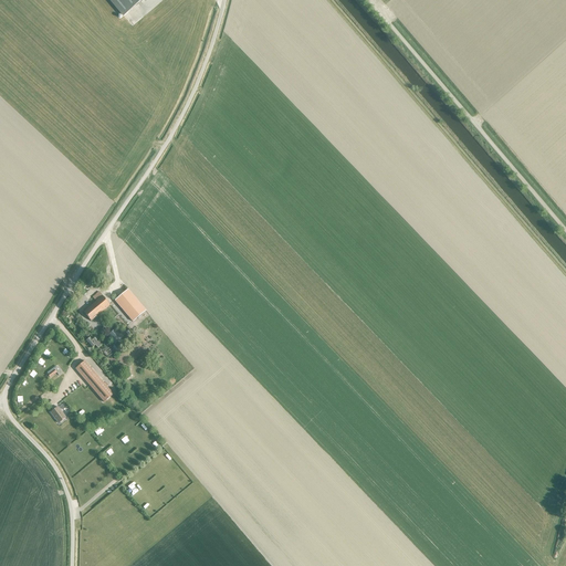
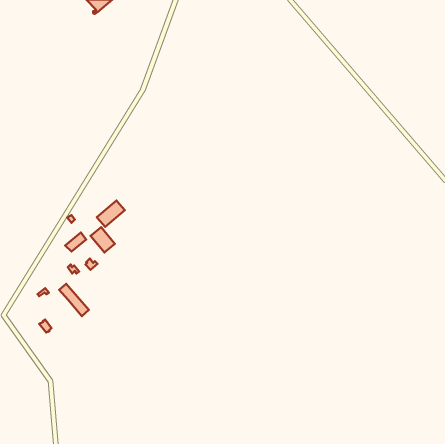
building: none -> [97,201,125,227]

